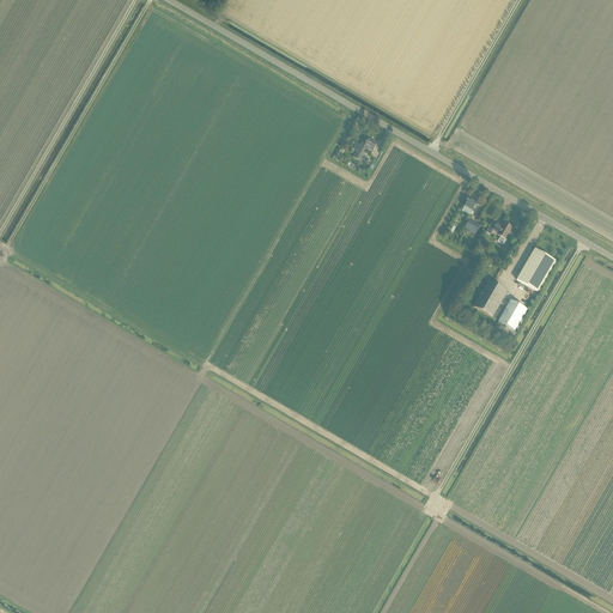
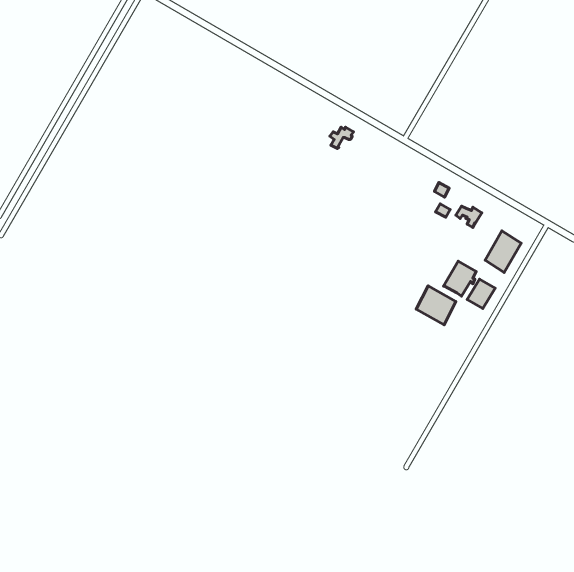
building: none -> [416,286,456,325]

